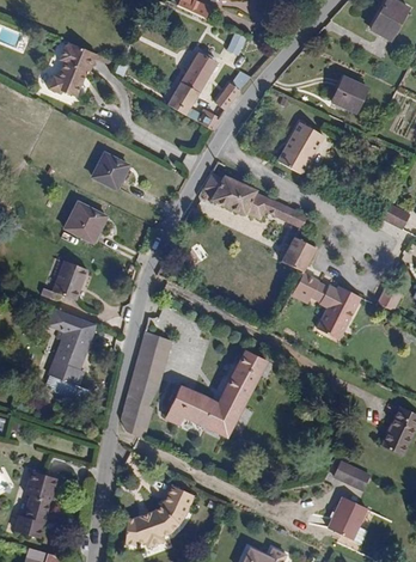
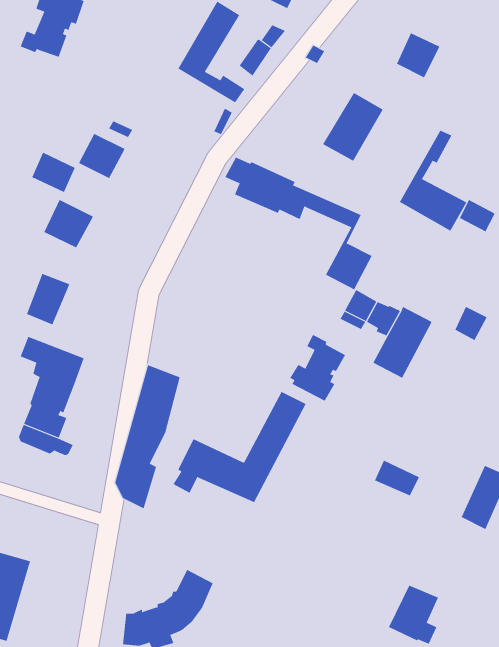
building: none -> [399,130,467,232]
building: none -> [32,152,76,193]
building: none -> [290,334,346,401]
building: [334,460,368,488] -> [374,460,420,496]

